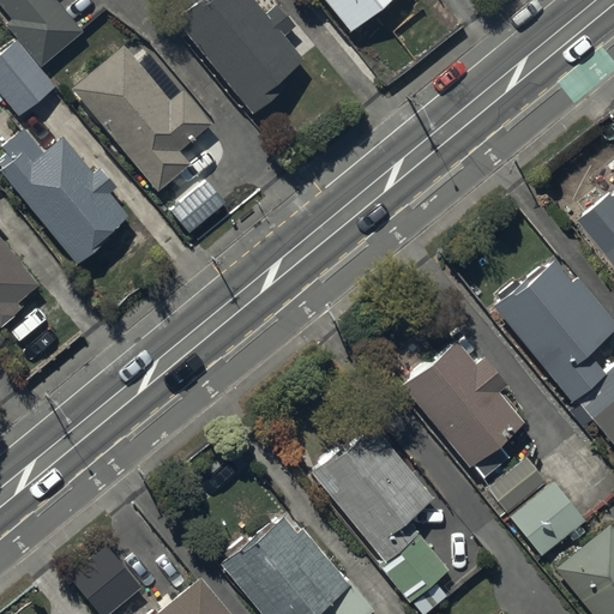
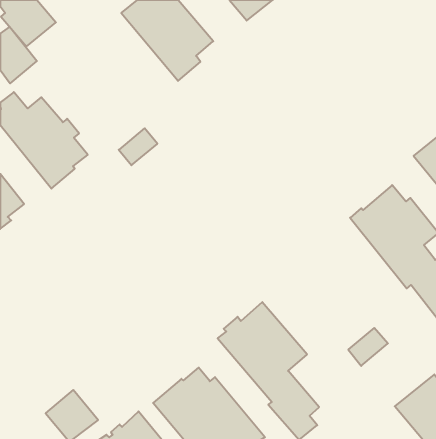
building: [71,43,211,191] -> none
building: [402,339,522,476] -> none
building: [510,478,586,556] -> none

